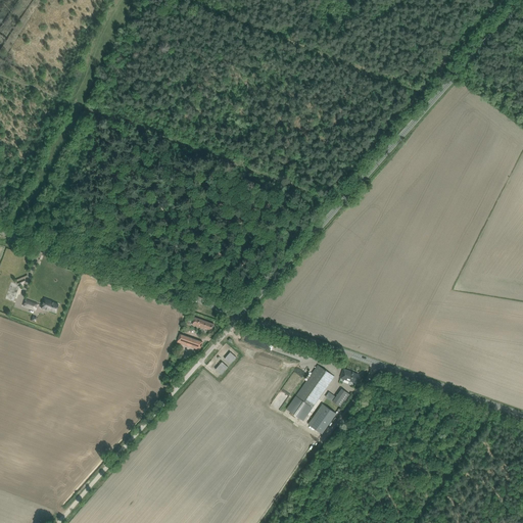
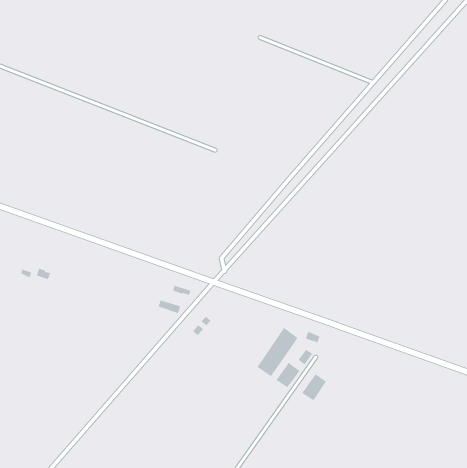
building: none -> [301,373,327,401]

